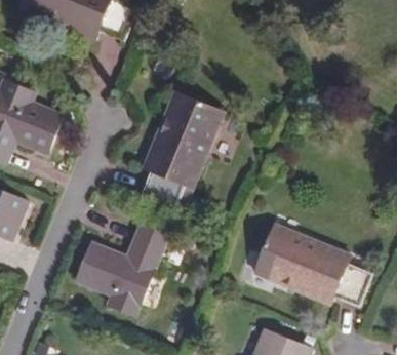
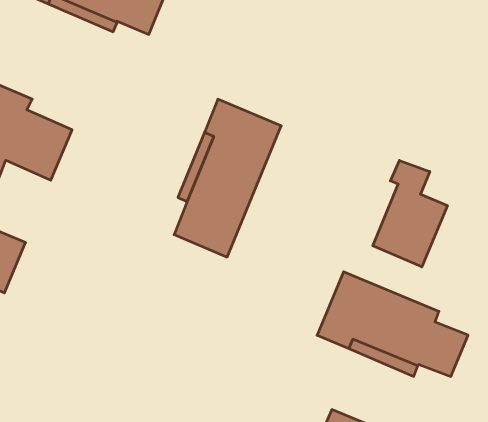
building: none -> [373,160,447,267]
building: [76,222,169,314] -> none

